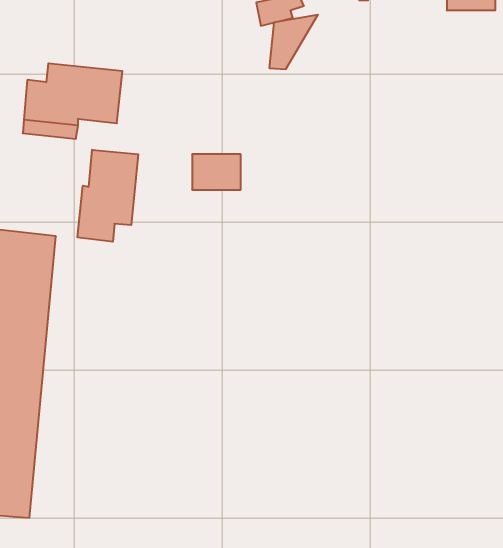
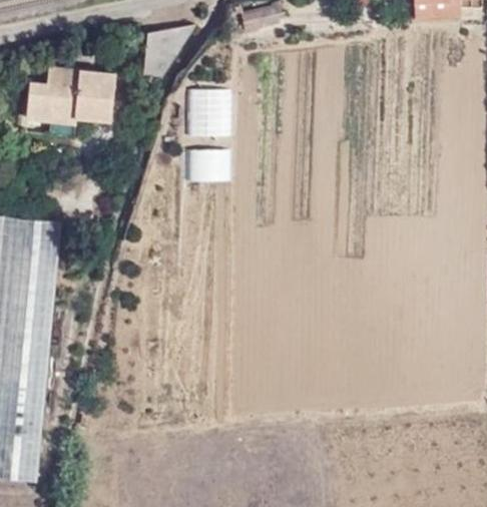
building: [269,15,318,69] -> [151,23,195,72]
building: none -> [186,88,231,134]
building: [78,150,138,242] -> none

